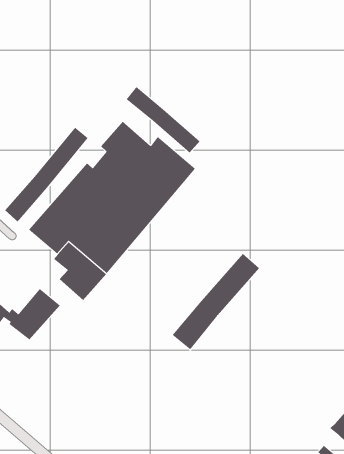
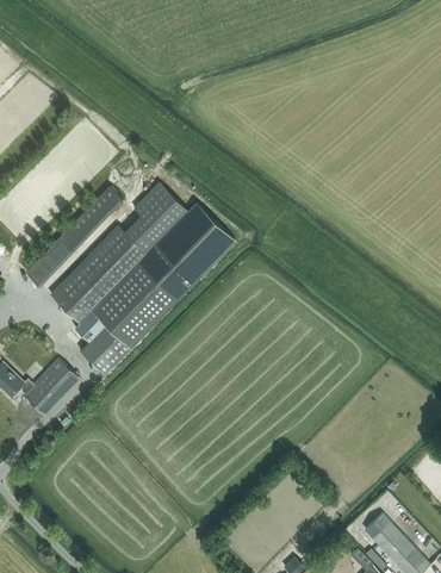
building: [126,86,200,153] -> none
building: [172,253,260,350] -> none

